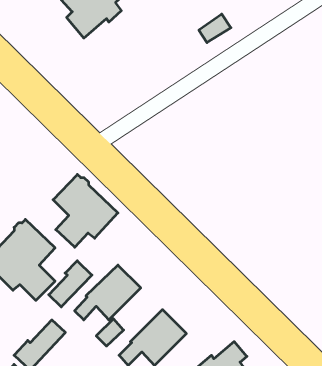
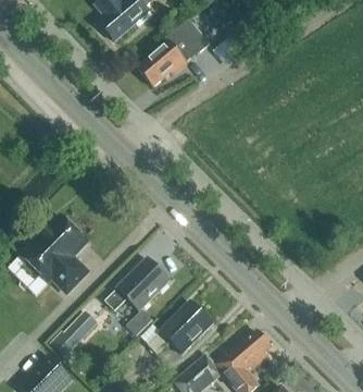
building: none -> [137,19,210,86]
building: [53,174,118,247] -> none
building: [49,261,92,307] -> none

